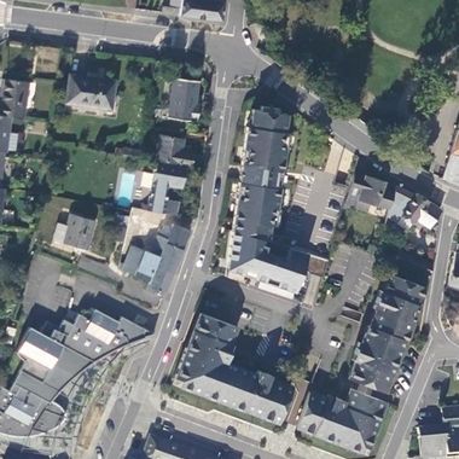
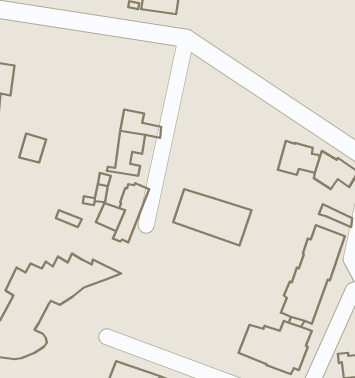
building: [66,72,115,110] -> none
building: [169,79,198,121] -> none
building: [232,106,292,242] -> none
building: [63,214,95,249] -> [19,133,46,163]
building: [176,315,292,423] -> none

